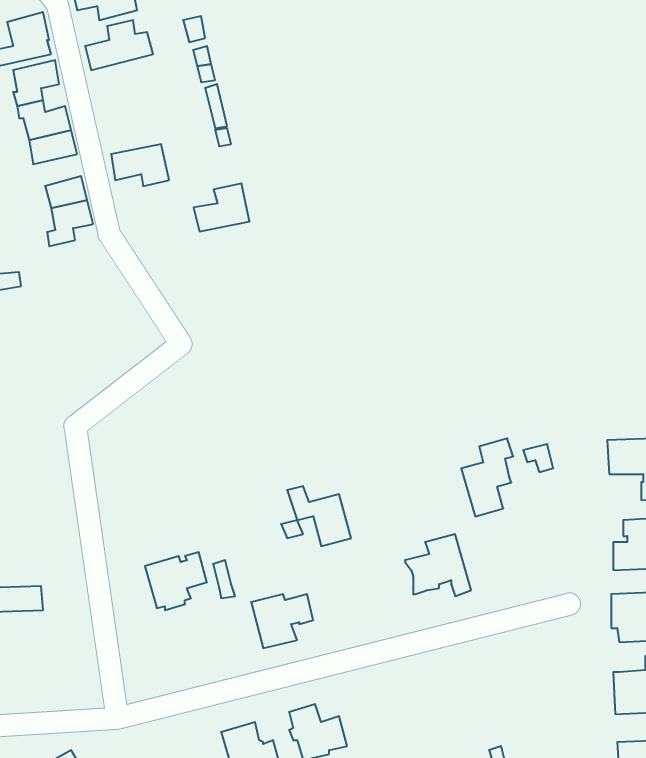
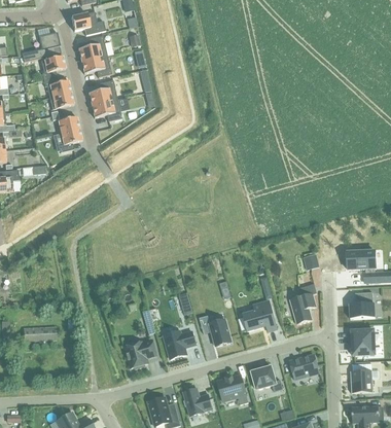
building: none -> [81,55,111,76]
building: [194,183,250,231] -> [88,79,117,104]
building: [461,438,513,516] -> [290,283,317,323]
building: [287,486,351,546] -> [199,315,232,346]
building: [145,552,207,610] -> [125,338,156,368]
building: none -> [290,354,319,378]
building: none -> [252,365,283,390]
building: none -> [217,373,248,403]

